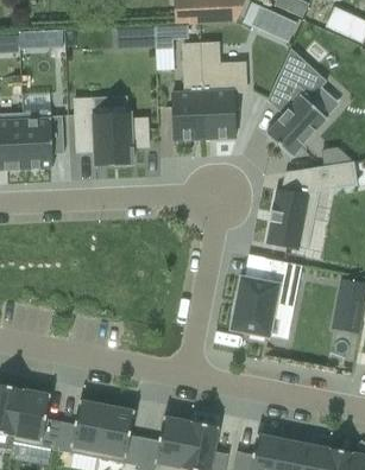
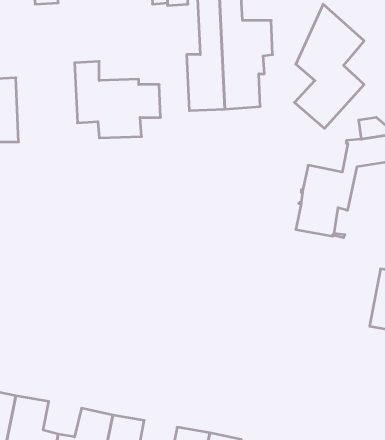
building: [23,110,63,167] -> none
building: [229,256,301,339] -> none

